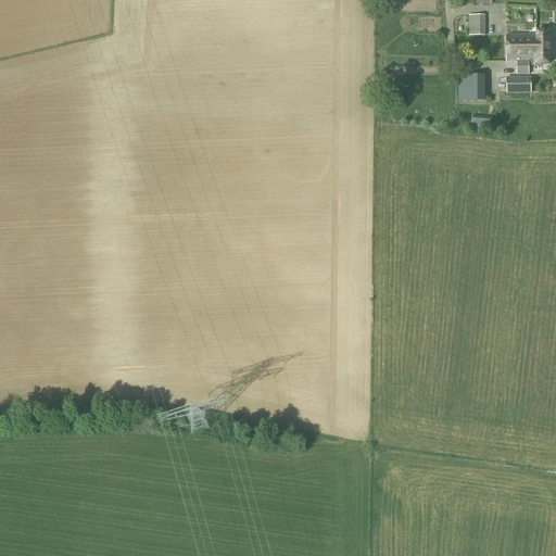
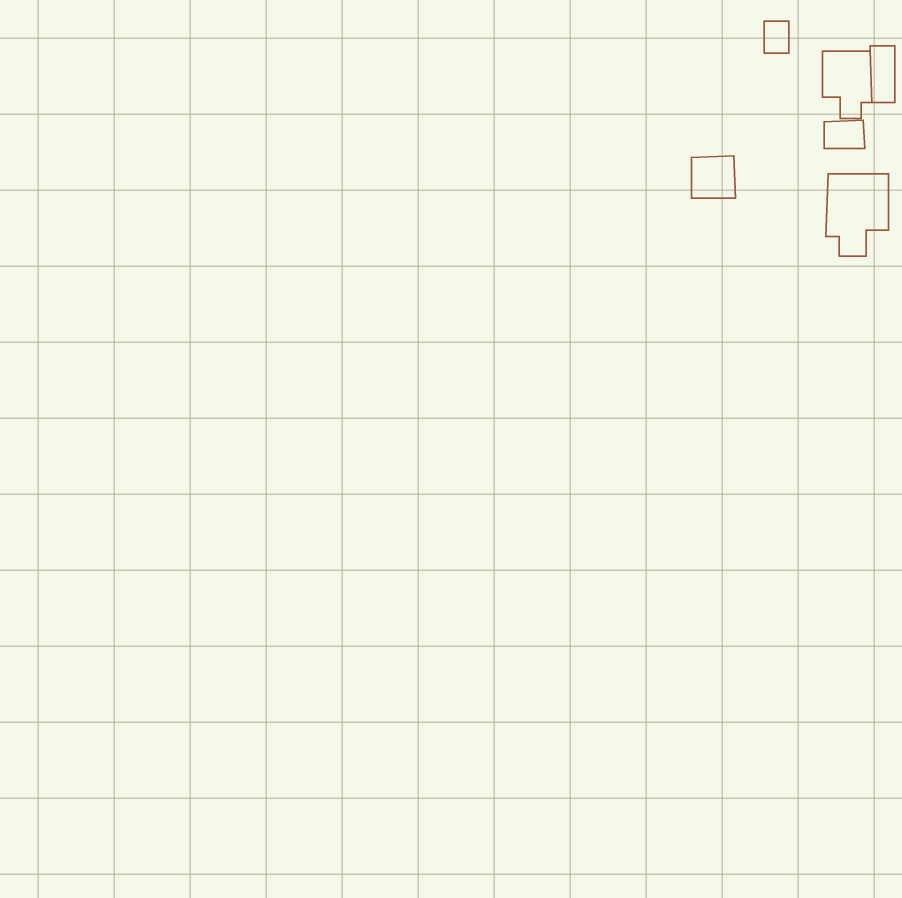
building: [459,73,486,99] -> [691,156,736,198]
building: none -> [826,174,889,256]

